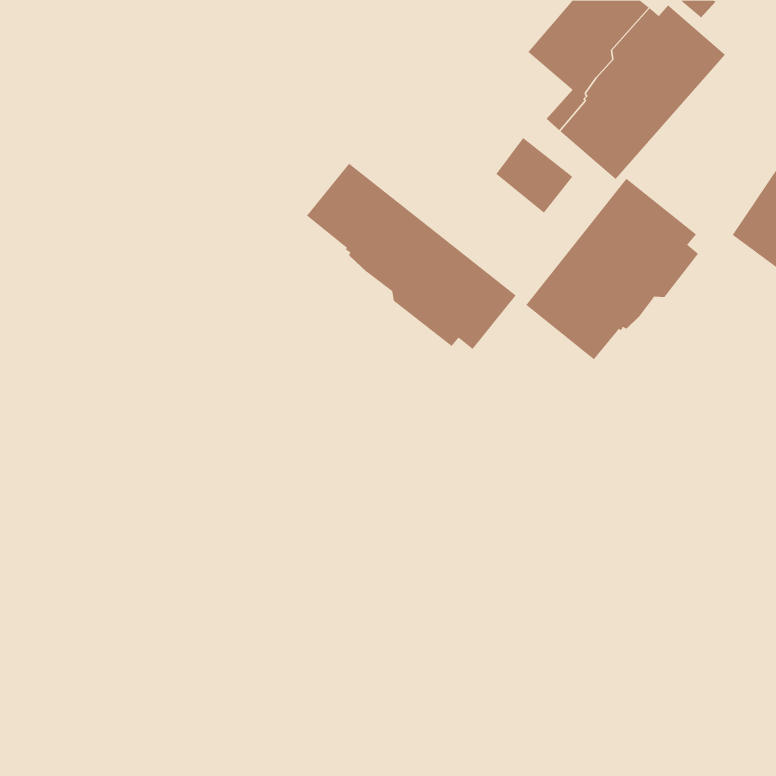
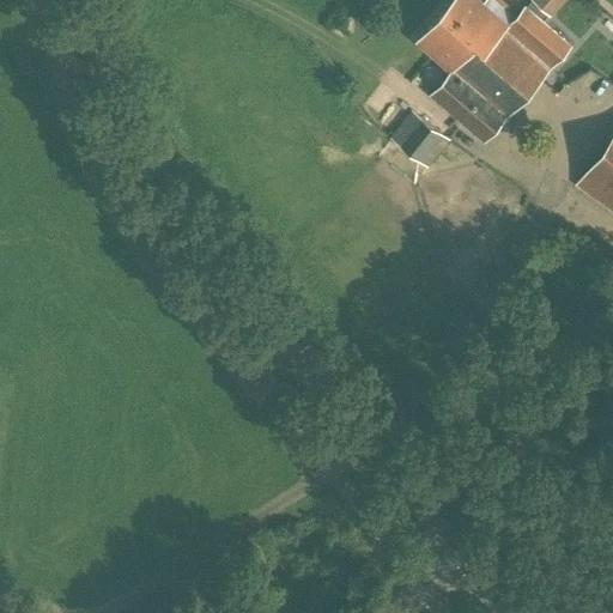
building: [306,163,517,350] -> none
building: [526,178,699,360] -> none

